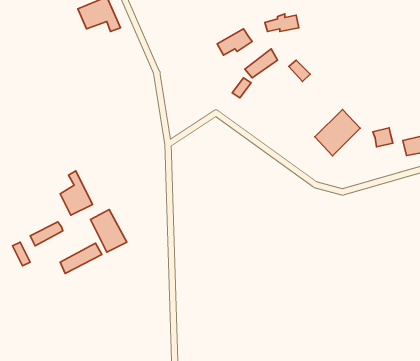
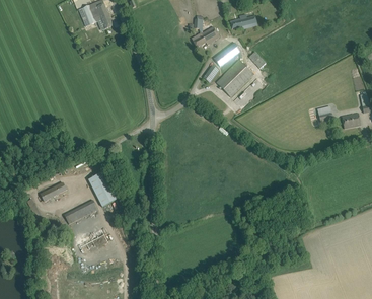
building: [315,109,360,156] -> [216,60,252,97]
building: [60,171,92,215] -> none

